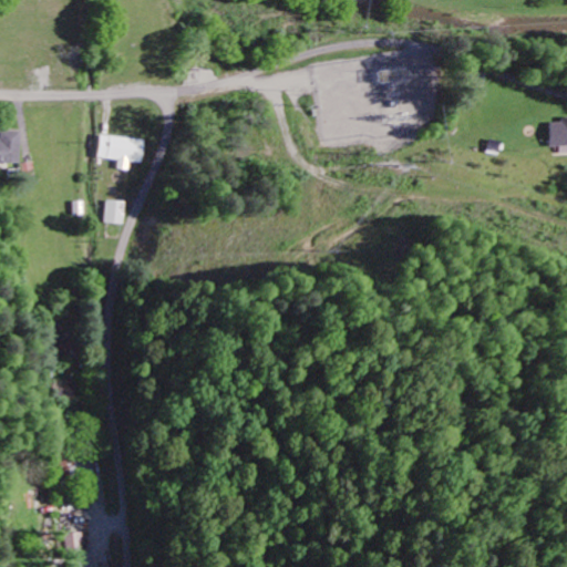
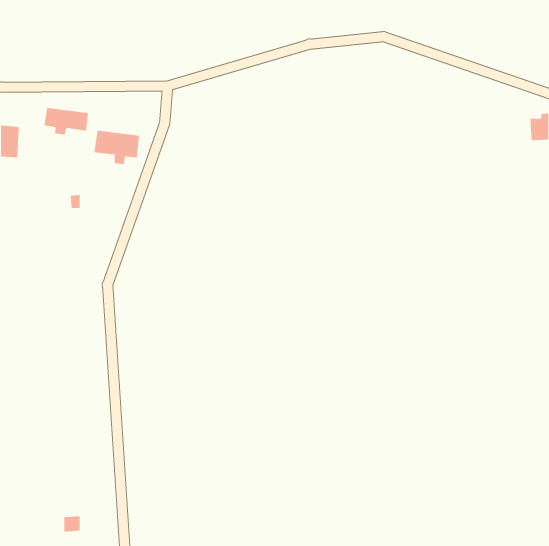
building: none -> [44,107,88,136]
building: [105,200,126,224] -> none

